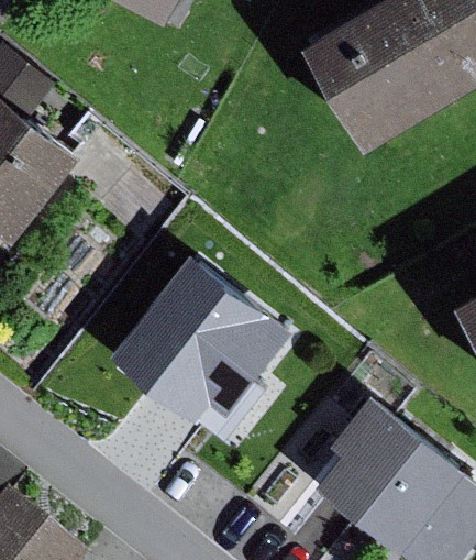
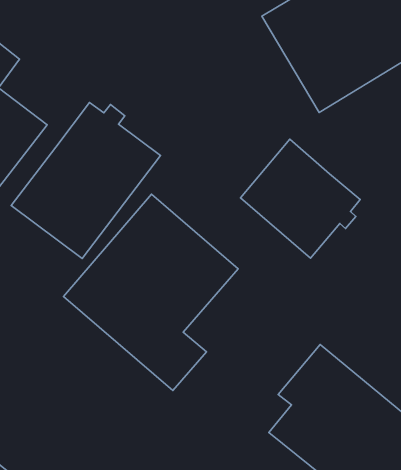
building: none -> [11,103,161,258]
building: none -> [241,139,360,258]

